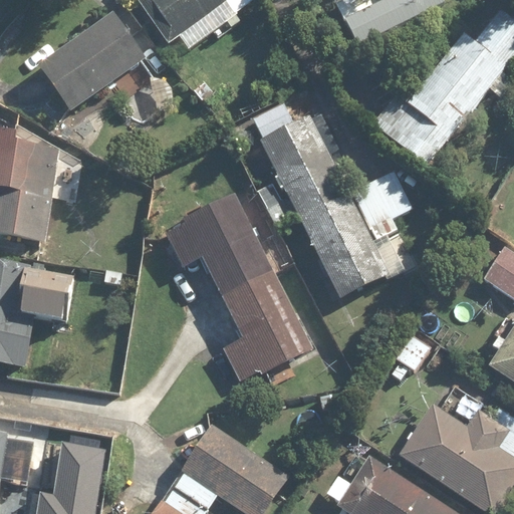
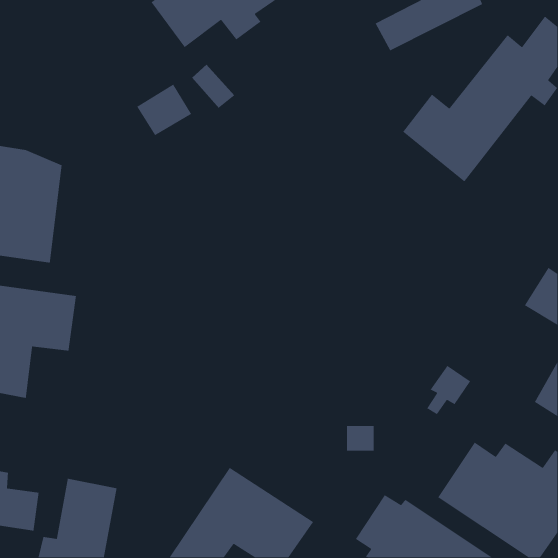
building: [33,11,148,114] -> none
building: [252,106,412,297] -> none
building: [171,197,314,380] -> none

